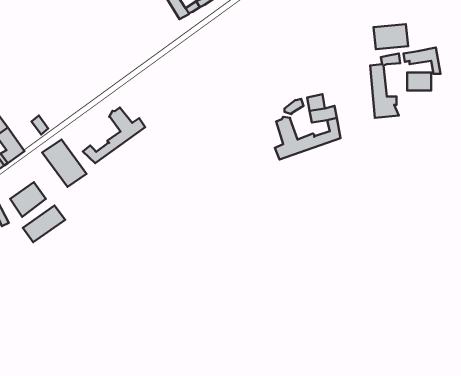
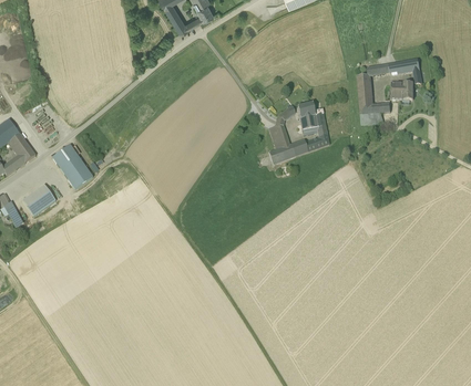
building: [373,24,408,49] -> none
building: [83,108,145,163] -> none
building: [23,206,65,242] -> none

